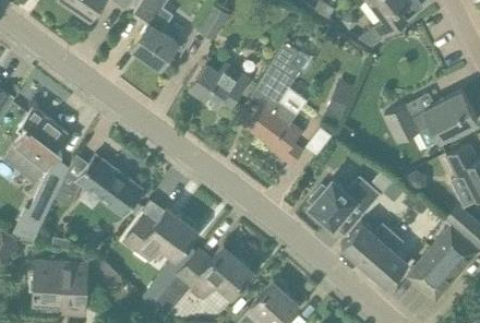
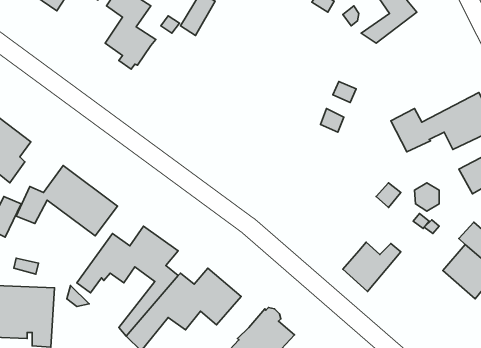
building: [245,45,305,166] -> none
building: [190,62,249,107] -> none
building: [308,179,380,227] -> none
building: [363,232,408,287] -> none
building: [407,249,458,300] -> none

